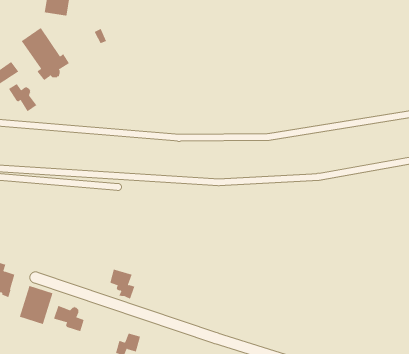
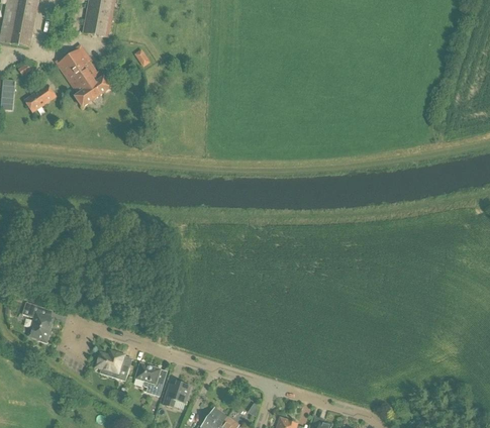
building: [8,83,37,112] -> none
building: [109,269,135,299] -> [134,362,163,396]
building: [19,285,53,325] -> none

